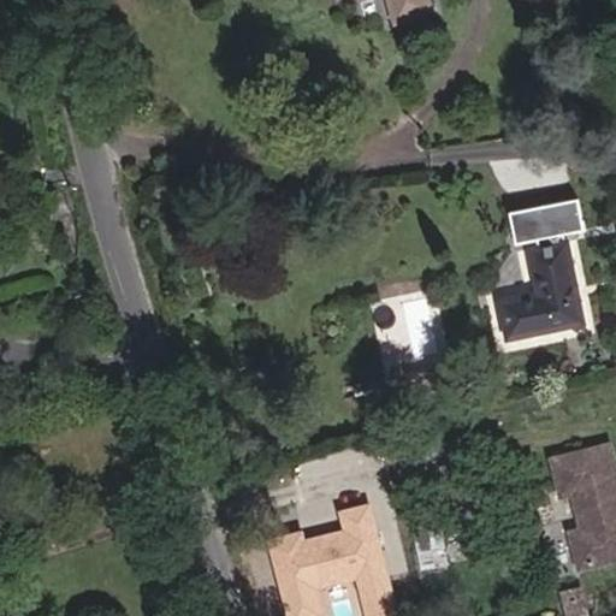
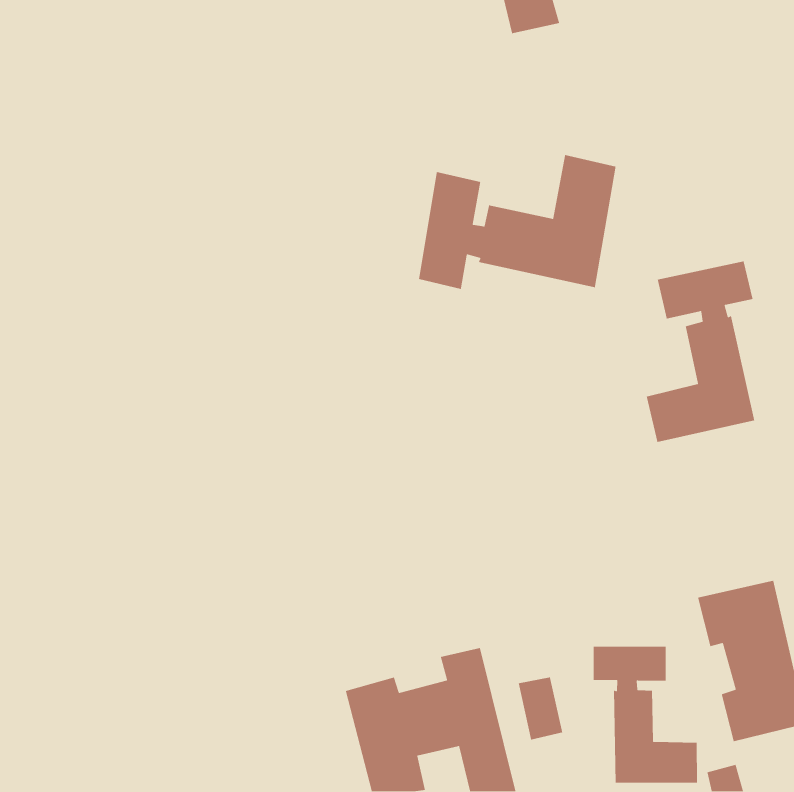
building: none -> [418,154,616,290]
building: none -> [593,646,698,783]

